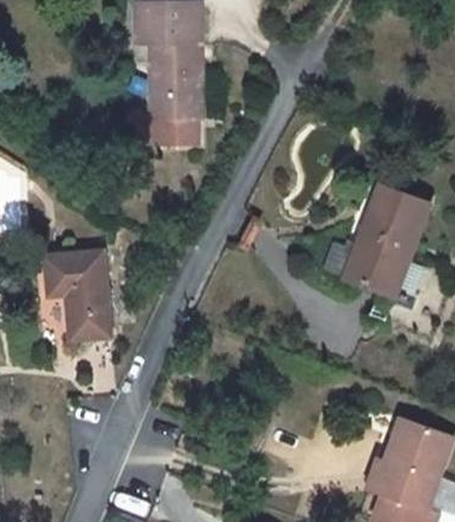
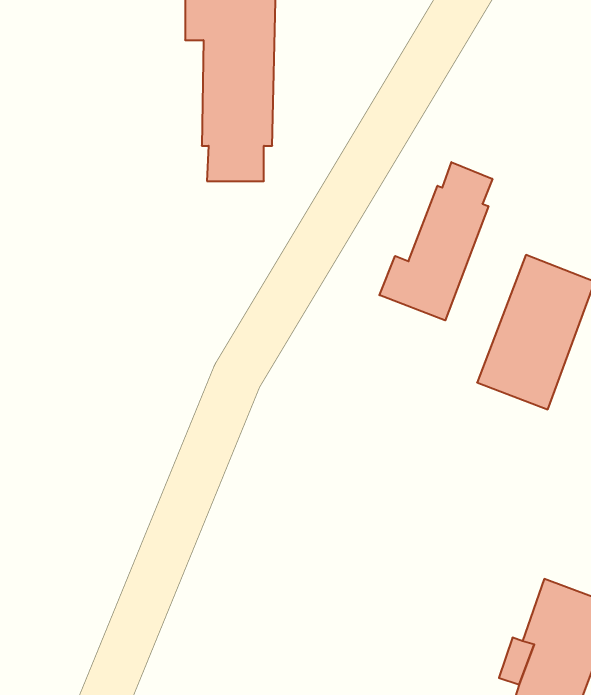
building: none -> [379,162,492,320]
building: [41,244,100,331] -> none

